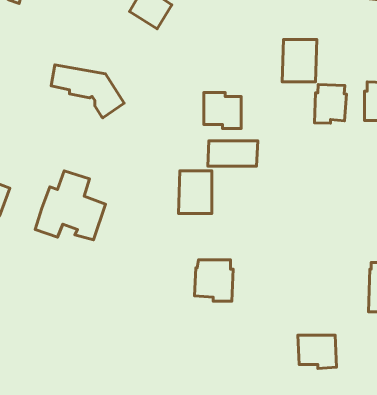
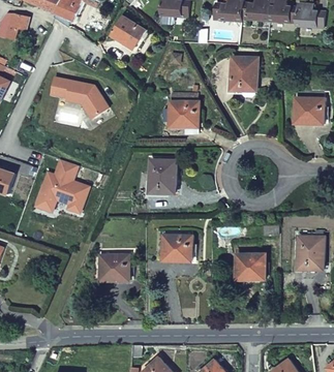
building: [314,84,346,123] -> none
building: [208,141,258,166] -> none
building: none -> [96,249,135,281]
building: [298,335,336,368] -> [235,254,265,280]

